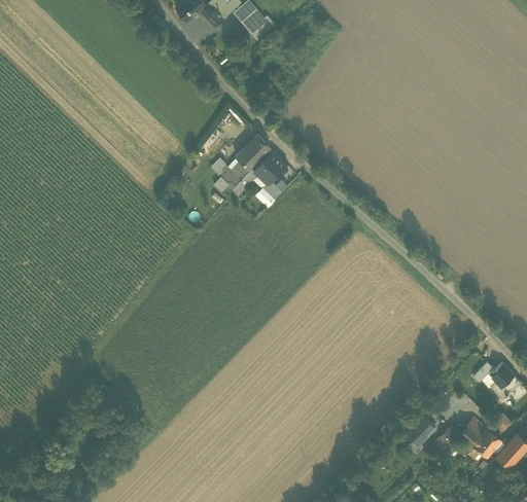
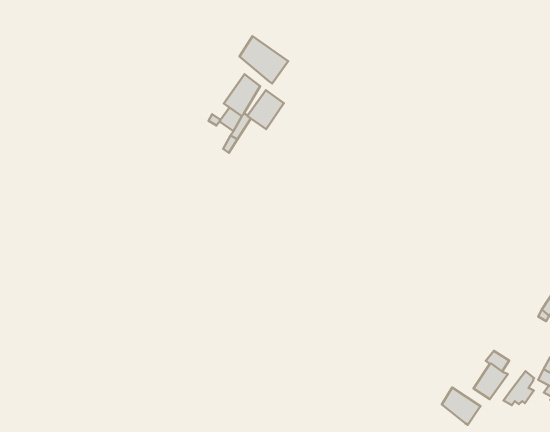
building: none -> [239,36,288,84]
building: none -> [442,388,480,425]

